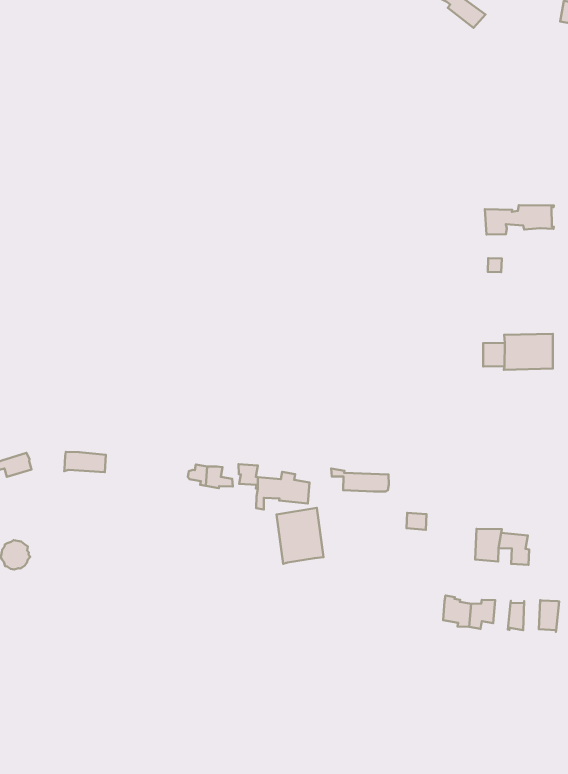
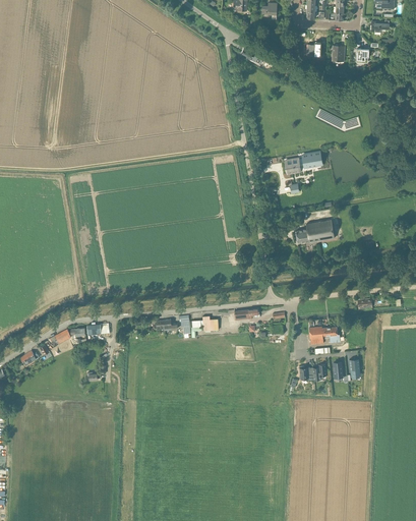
building: [276,508,324,564] -> none

